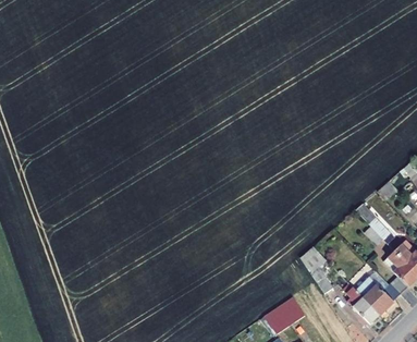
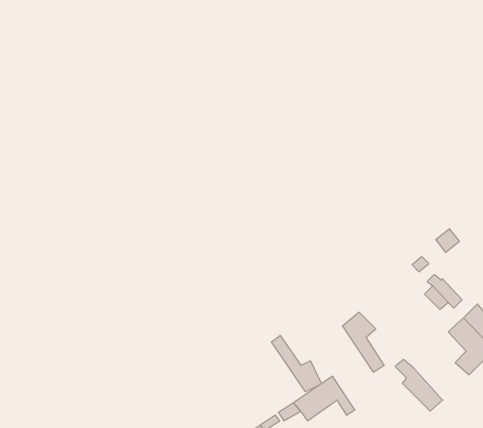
building: none -> [272,335,321,392]
building: [356,271,400,316] -> none

